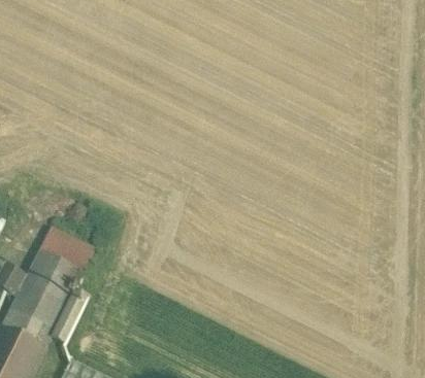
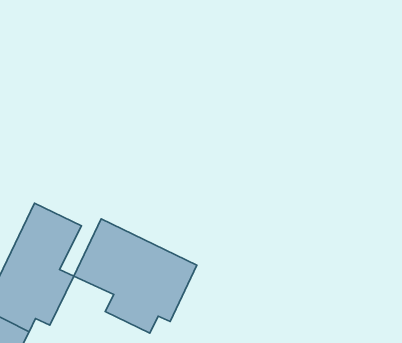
building: none -> [74,219,197,333]

